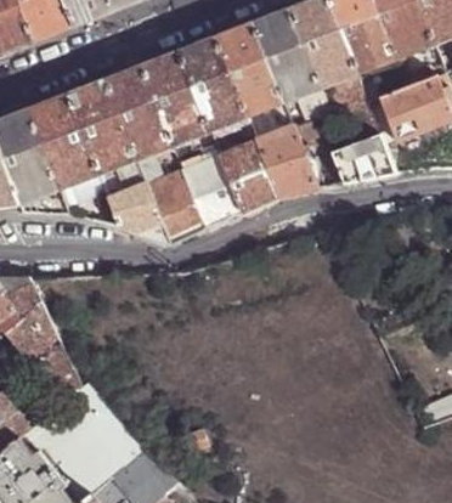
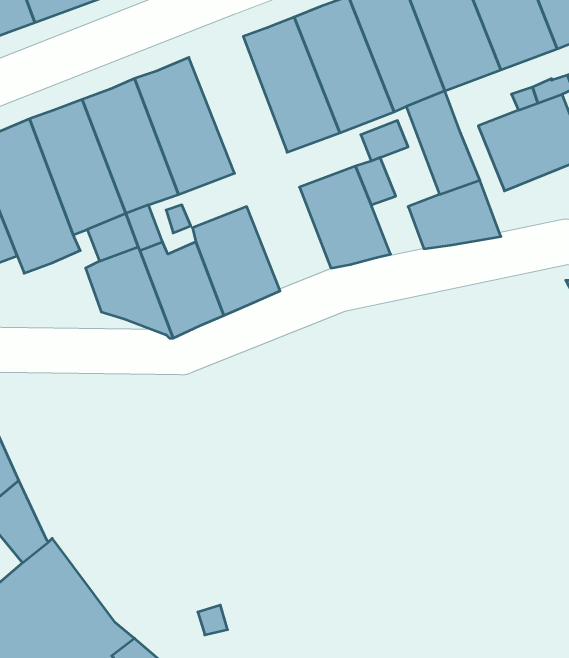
building: [177,36,245,131] -> none
building: [217,125,276,213] -> none

